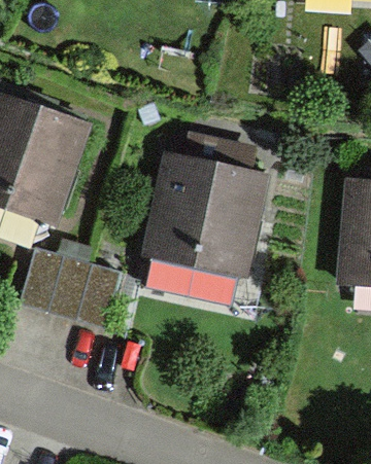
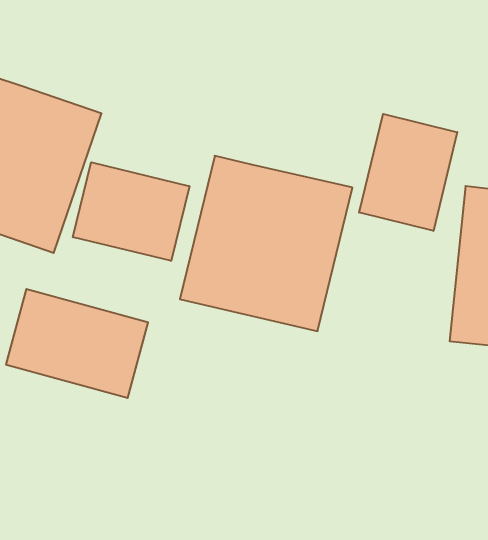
building: none -> [359,114,457,231]
building: none -> [73,162,189,261]

